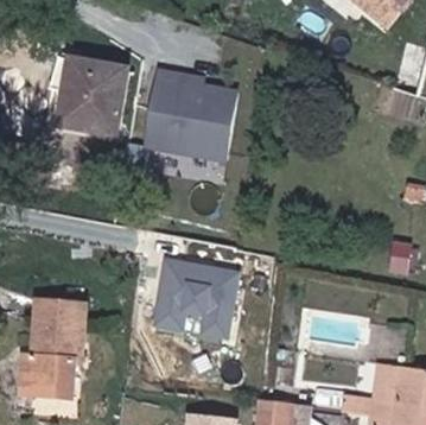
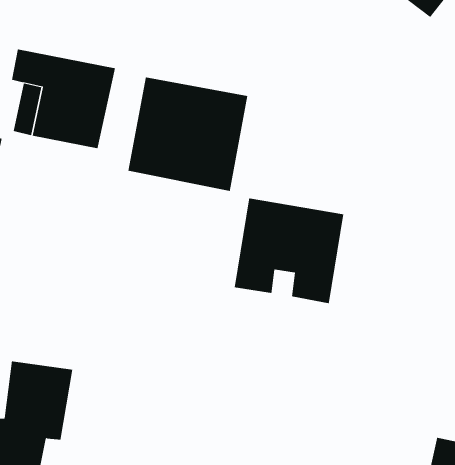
building: [150,258,239,343] -> [234,198,344,304]

